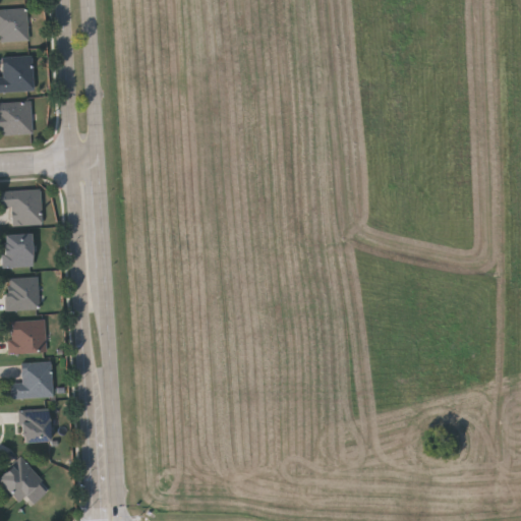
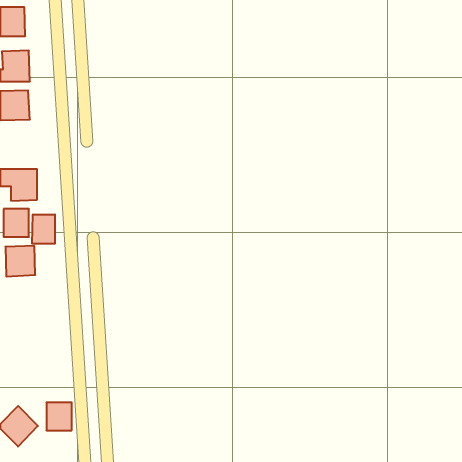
building: none -> [32,214,55,244]
building: [9,321,47,354] -> none
building: [11,362,53,398] -> none
building: [21,410,50,442] -> [46,402,72,430]

